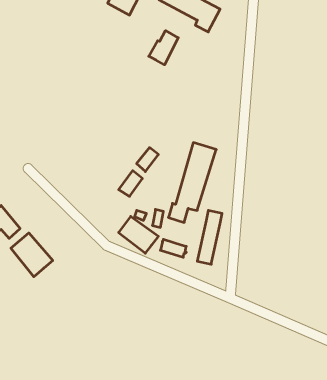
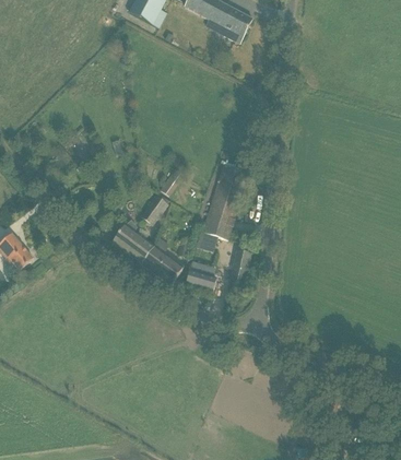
building: [149,31,178,65] -> none
building: none -> [111,219,154,261]
building: [11,233,53,277] -> none

